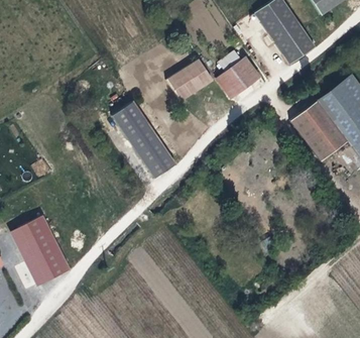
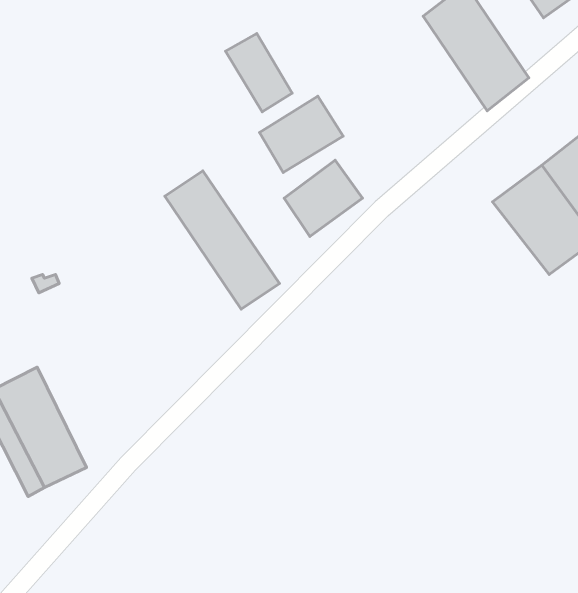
building: none -> [225,34,292,112]
building: [215,60,258,102] -> [284,160,363,236]

